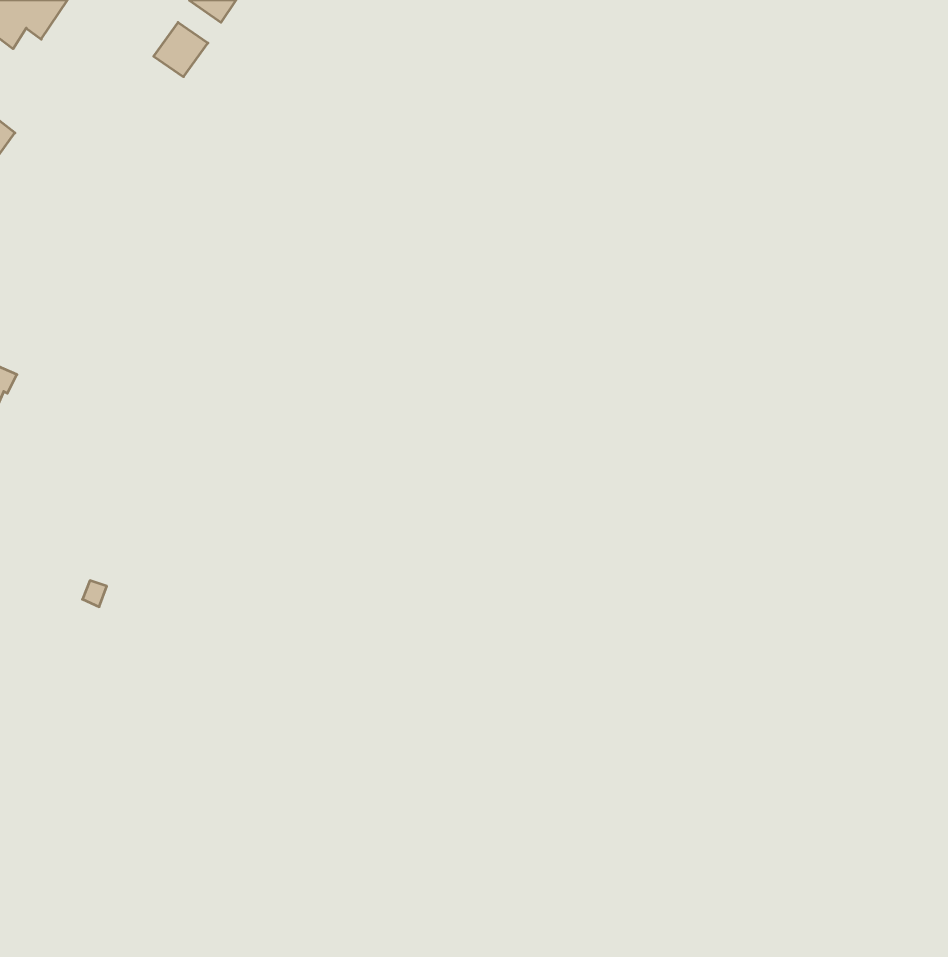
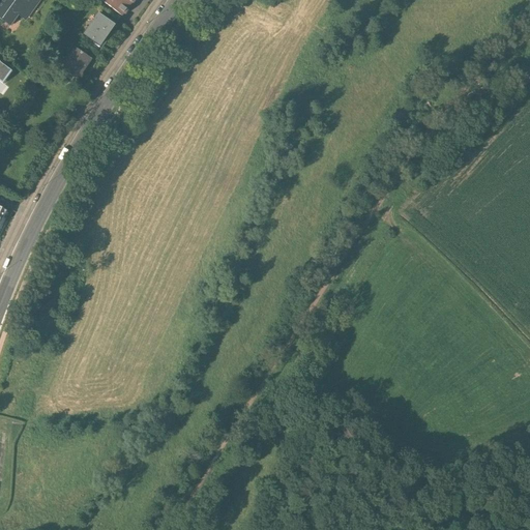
building: none -> [61,46,91,78]

